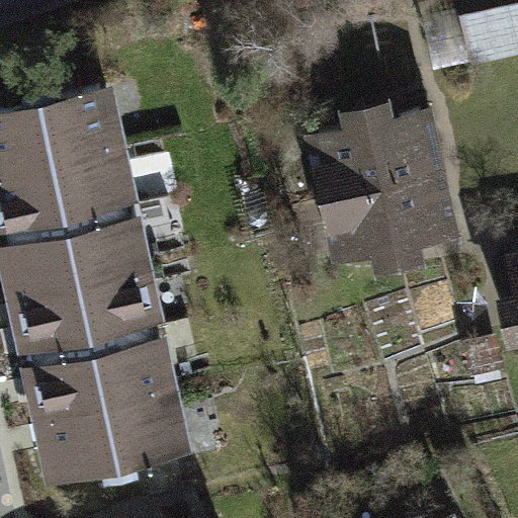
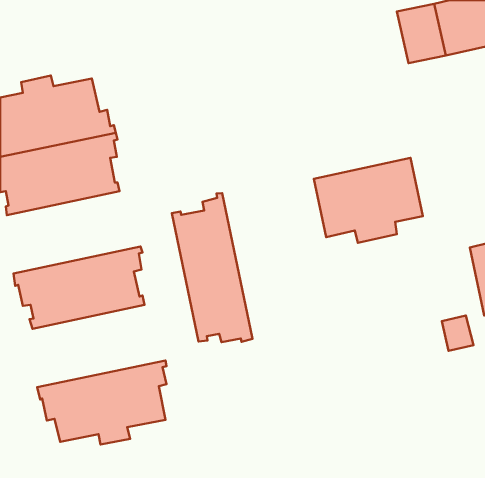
building: [322,109,438,200] -> none
building: [11,213,153,300] -> none
building: none -> [172,193,253,342]
building: [38,334,179,421] -> none

